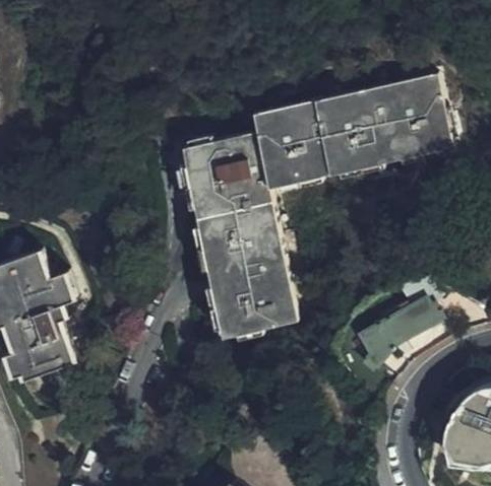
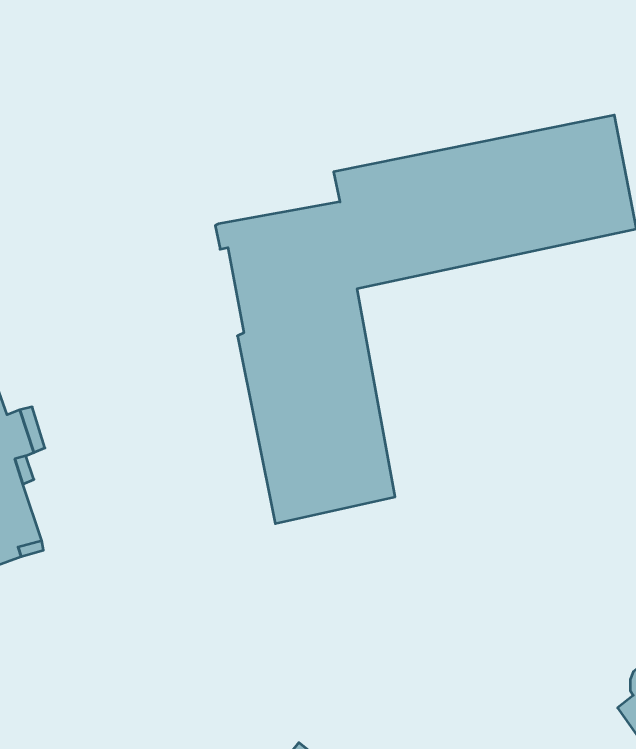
building: [361,292,443,360] -> none

